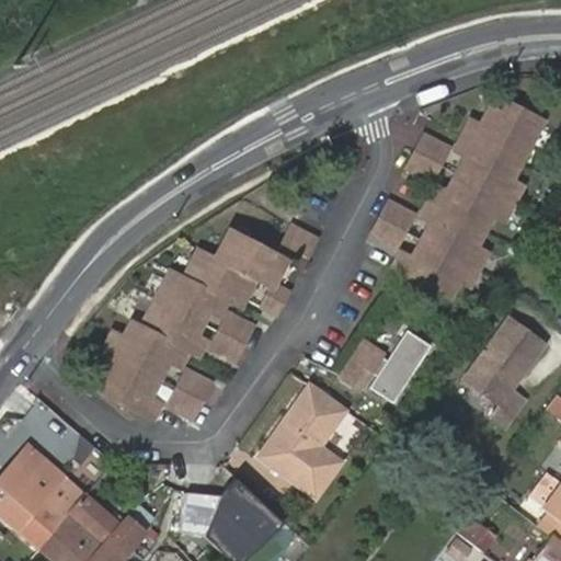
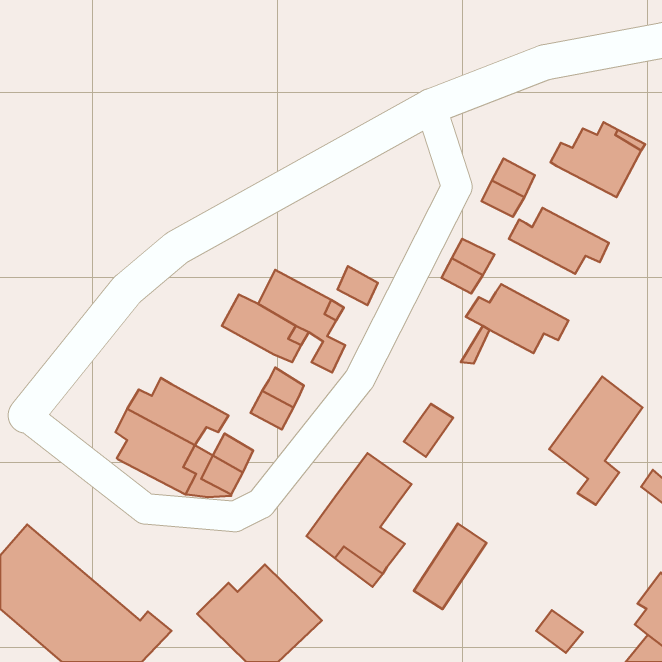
building: [457,137,524,205] -> none
building: [422,202,491,271] -> none
building: [146,268,232,355] -> none
building: [368,329,430,401] -> [414,523,487,609]

